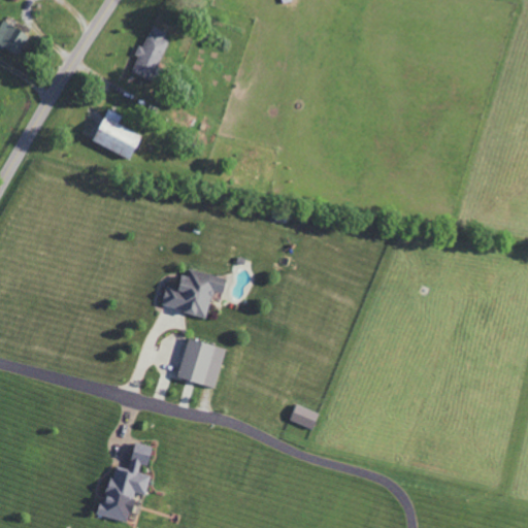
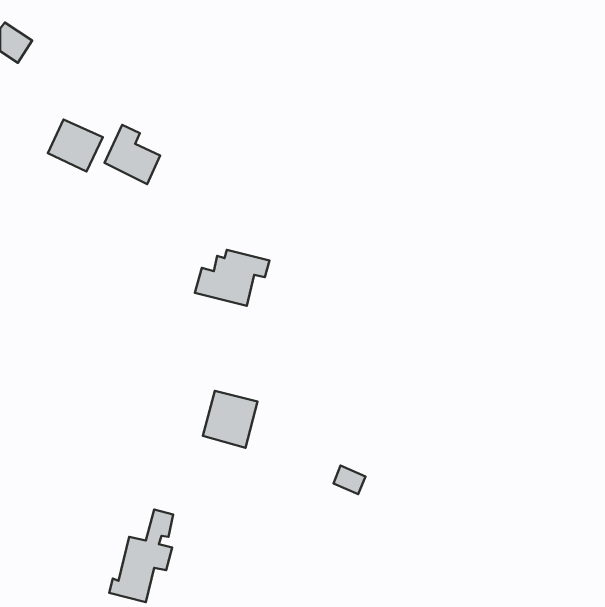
building: [131,27,171,81] -> none
building: none -> [48,120,103,172]
building: [161,269,226,318] -> [195,250,269,306]

